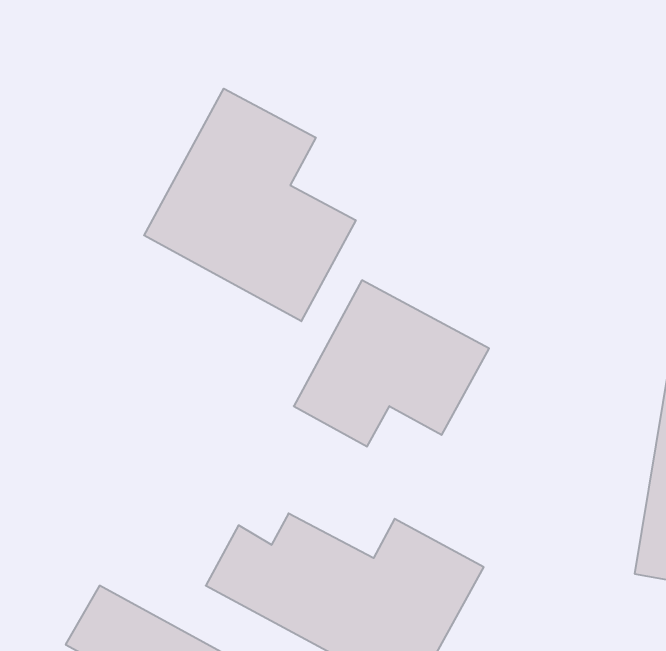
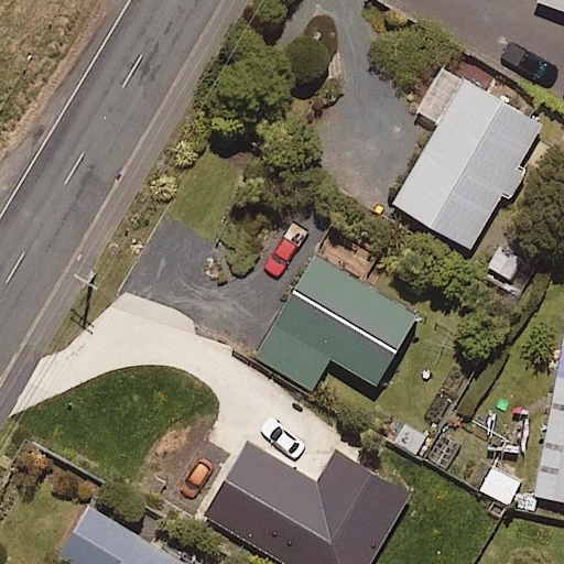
building: none -> [397,66,544,249]
building: [144,89,356,321] -> none

